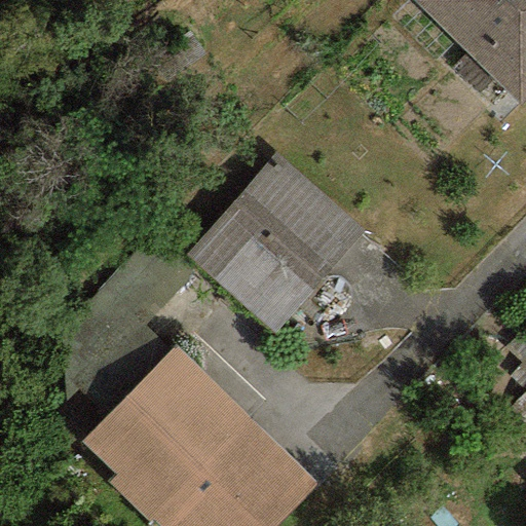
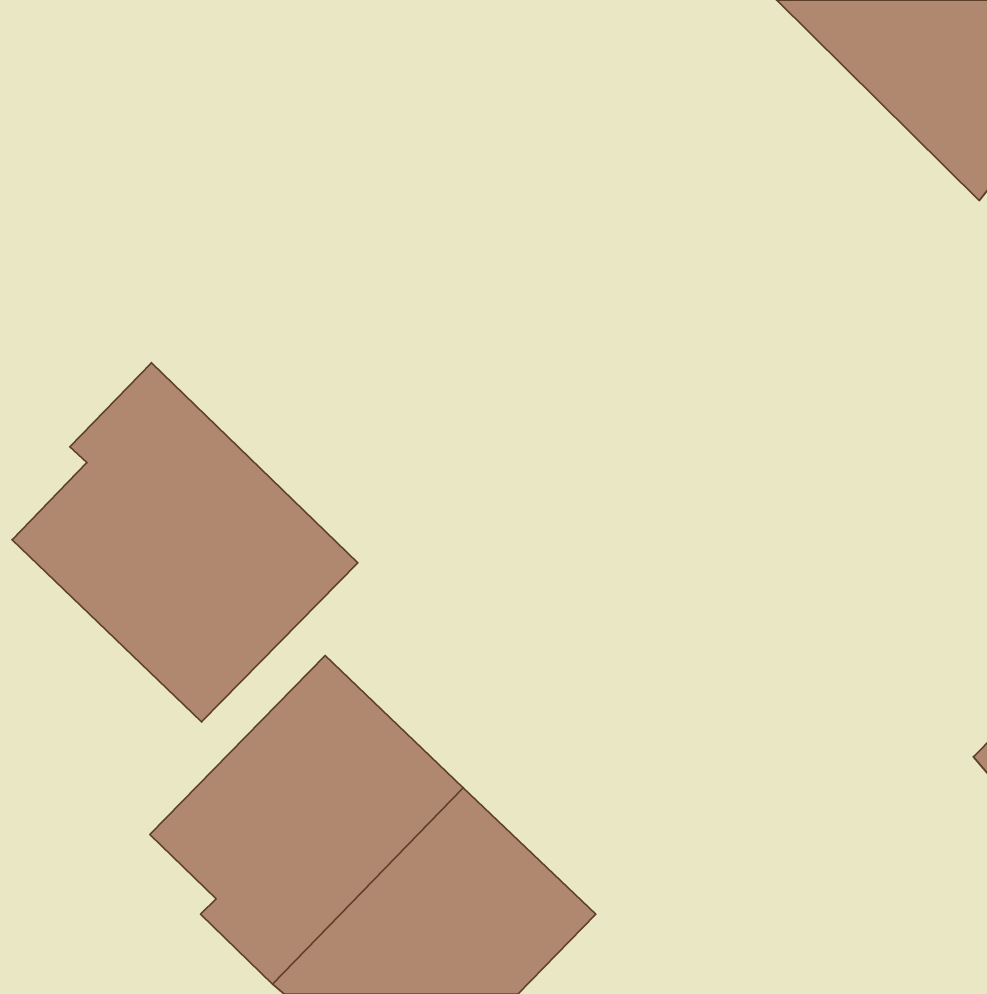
building: [187,153,368,335] -> none
building: none -> [12,363,358,722]

